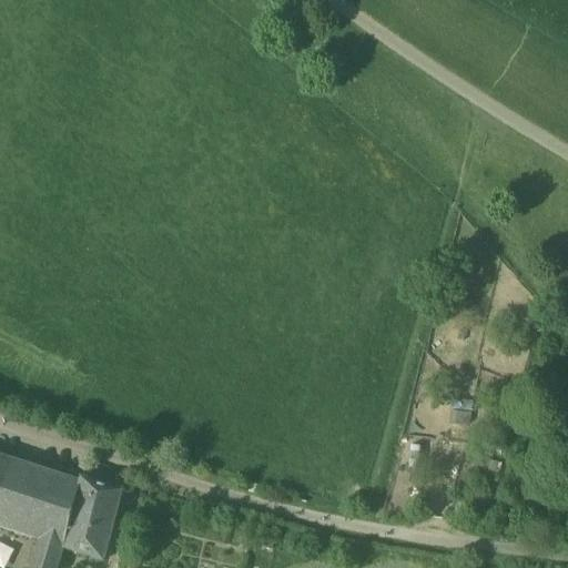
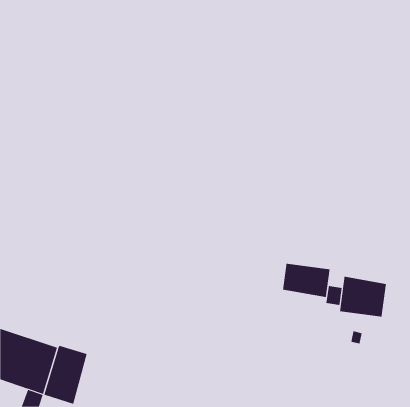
building: none -> [282,263,330,298]
building: none -> [339,276,387,317]

